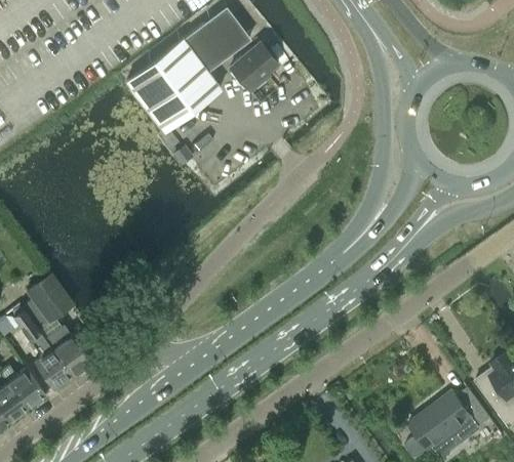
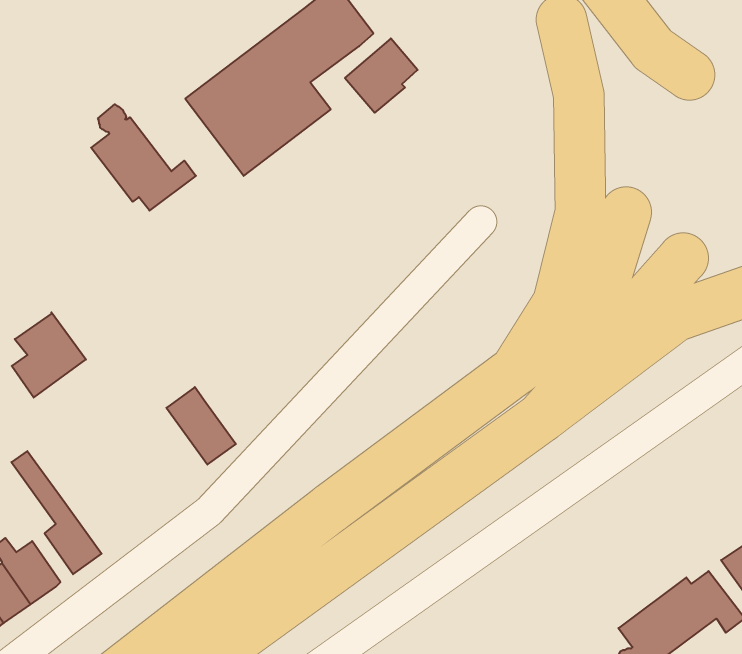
building: none -> [91,104,196,211]
building: [26,275,74,330] -> [12,312,86,398]
building: [46,327,91,377] -> [166,387,236,465]

